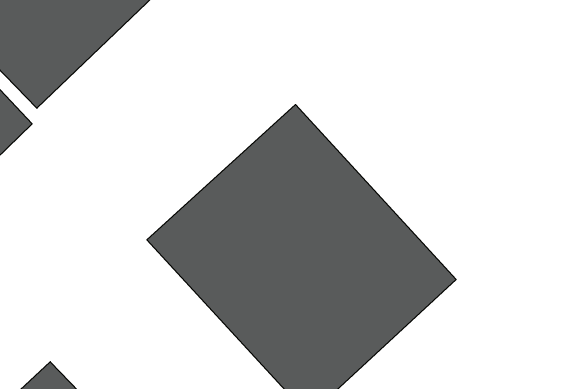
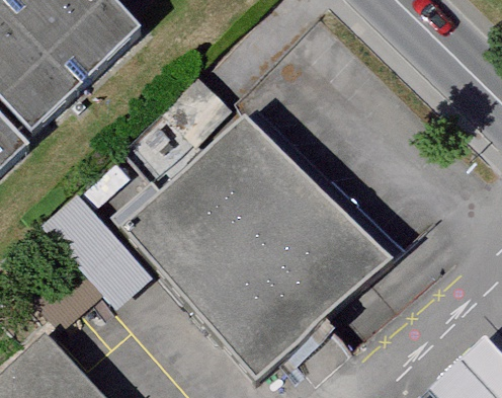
building: none -> [45,188,152,302]

